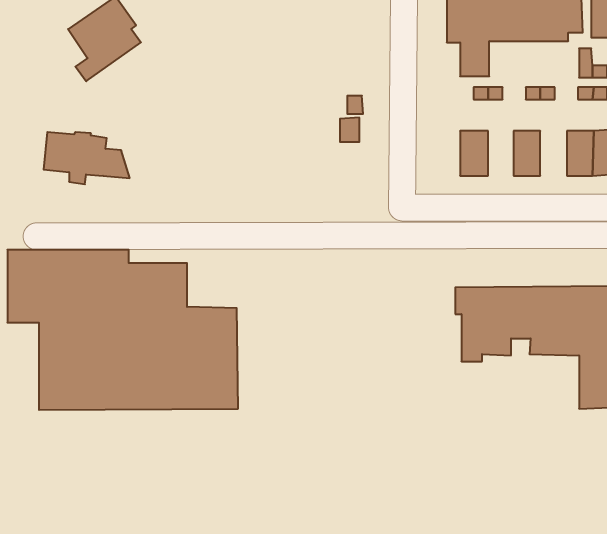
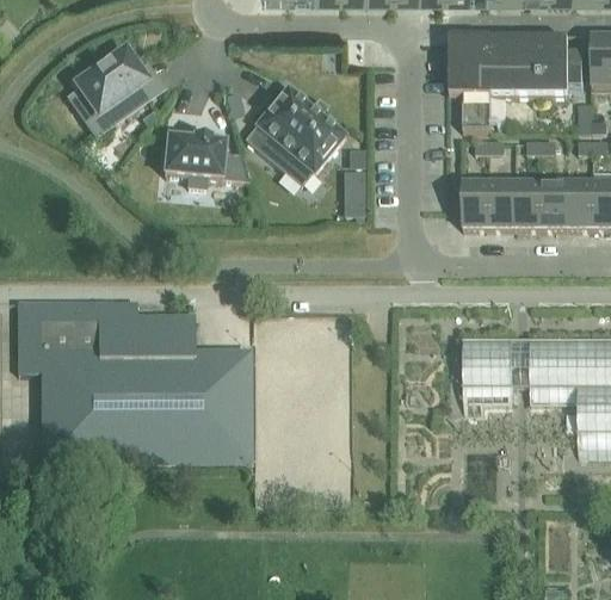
building: none -> [246,83,345,183]
building: none -> [490,183,516,227]
building: none -> [542,183,568,227]
building: [44,132,130,184] -> [163,135,248,186]

